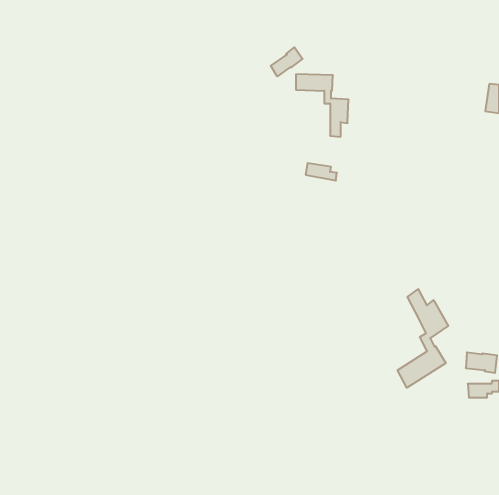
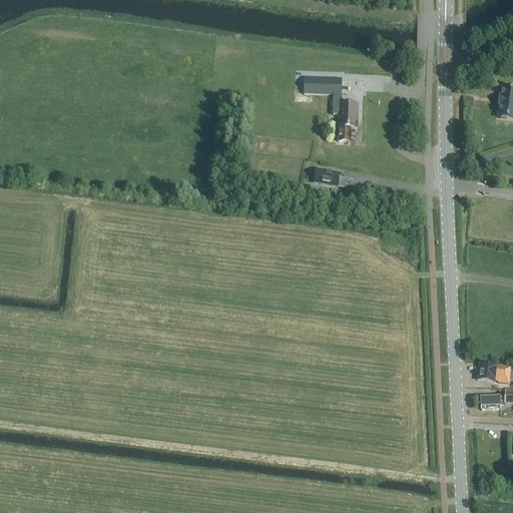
building: [271,47,303,76] -> none
building: [398,289,448,388] -> none

